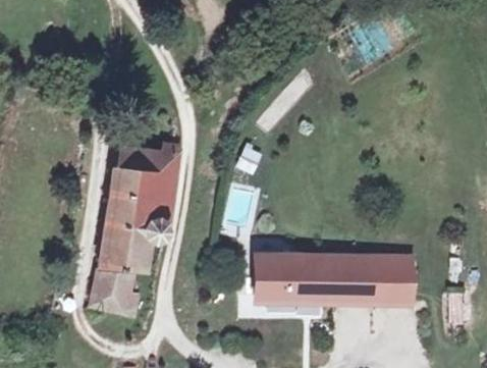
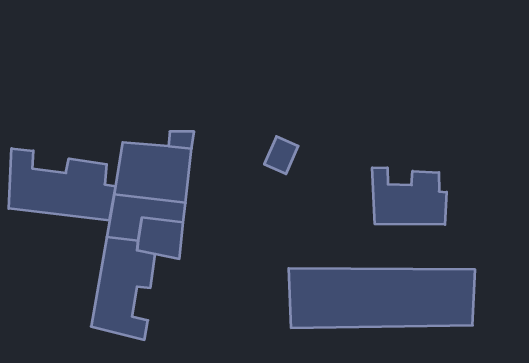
building: none -> [9,148,115,220]
building: none -> [372,168,447,225]

